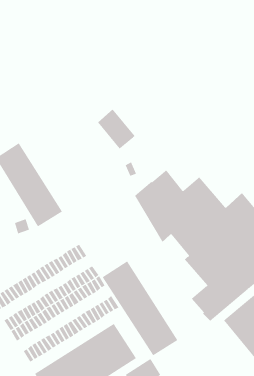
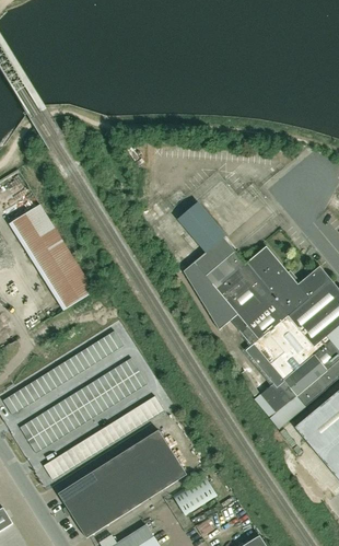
building: [97,109,136,150] -> [178,201,226,253]
building: [102,260,178,356] -> none

